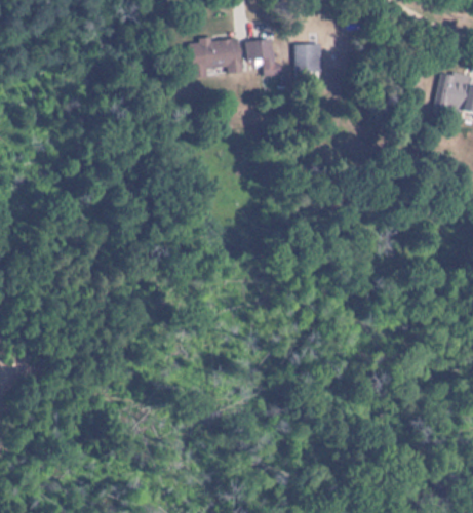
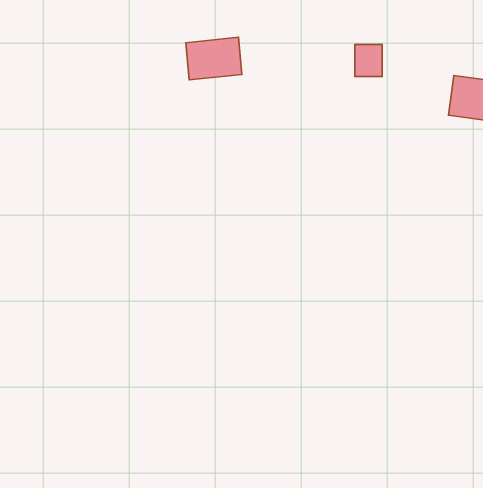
building: [246,38,278,78] -> none
building: [295,42,321,72] -> [355,45,382,76]

